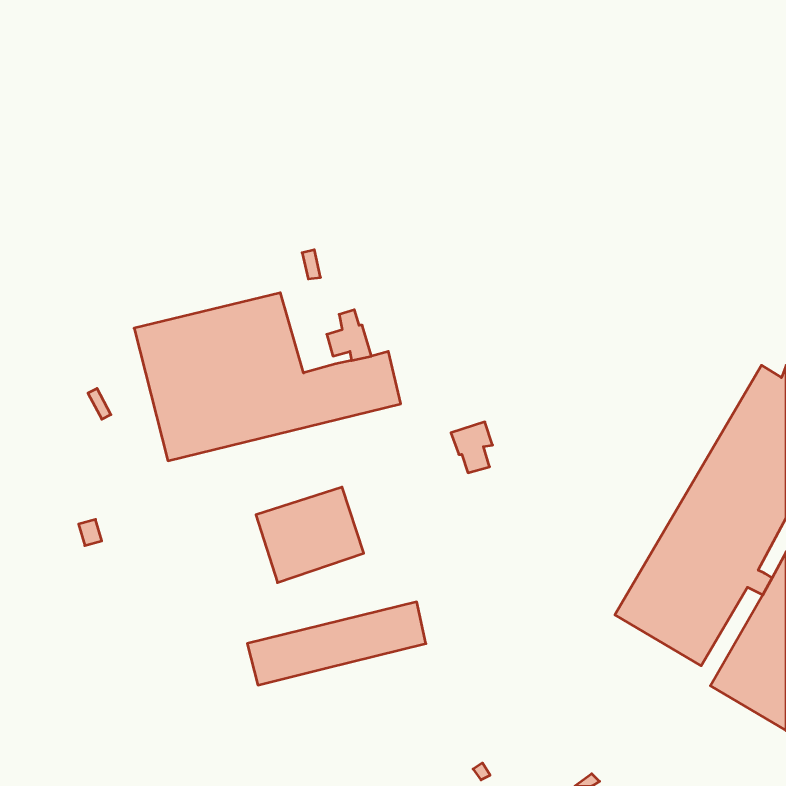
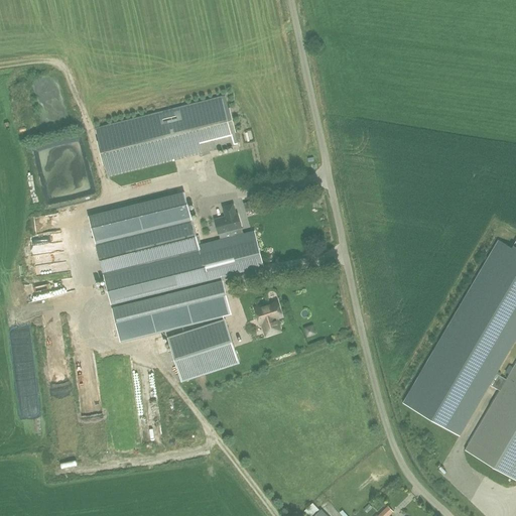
building: none -> [95,95,237,176]
building: [451,422,493,473] -> [253,301,280,335]
building: [247,602,426,685] -> [113,286,230,341]

